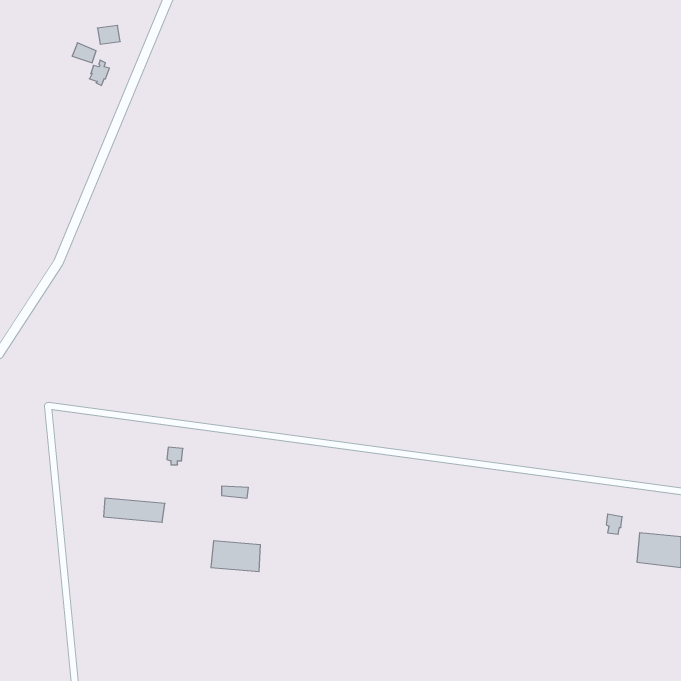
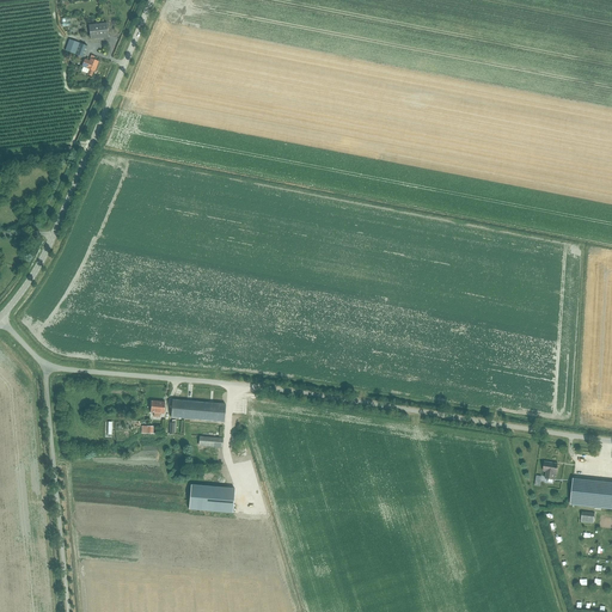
building: [104,498,165,522] -> [170,399,225,421]

